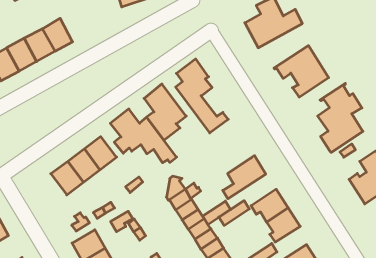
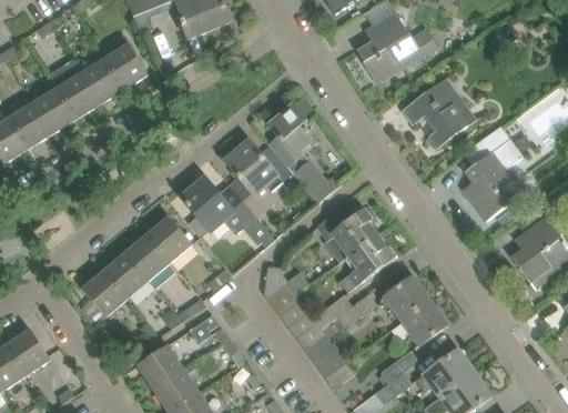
building: none -> [104,43,148,89]
building: none -> [317,205,376,261]
building: none -> [82,271,126,316]

